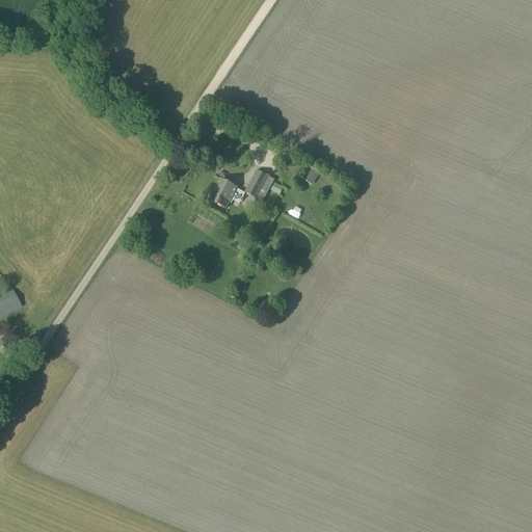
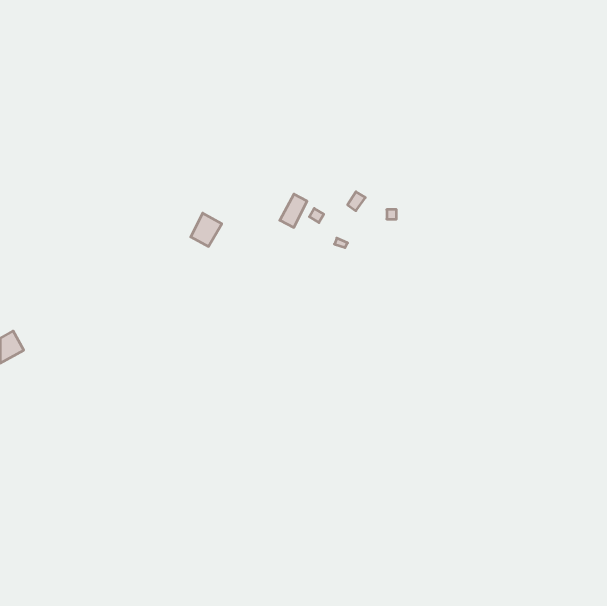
building: [211,178,238,207] -> [191,213,222,246]

